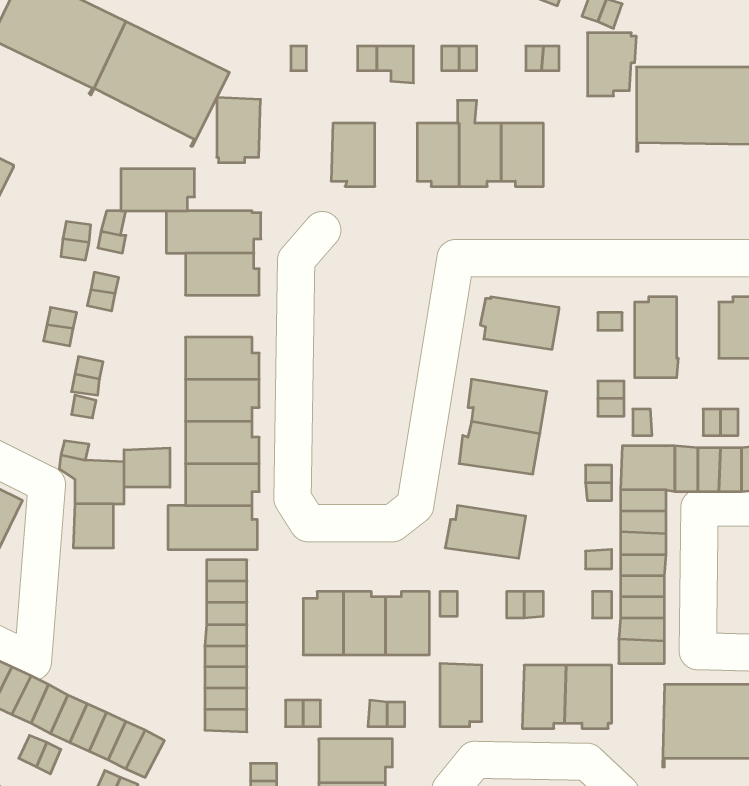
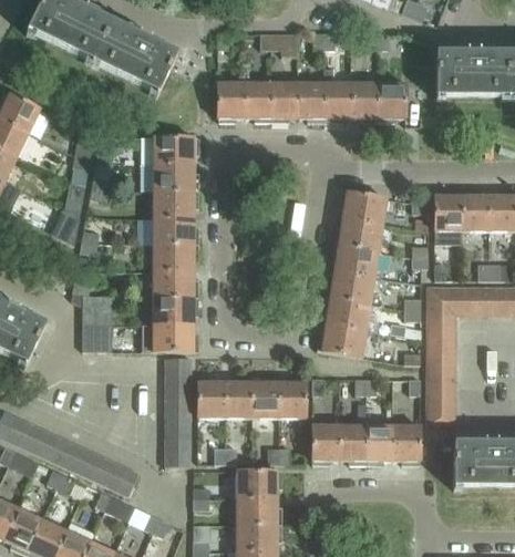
building: [587,33,636,96] -> [378,82,409,122]
building: [217,98,261,163] -> [217,81,245,122]
building: none -> [271,82,298,122]
building: [121,169,195,211] -> [152,190,198,217]
building: none -> [462,192,488,230]
building: none -> [332,218,383,251]
building: [124,448,170,487] -> none
building: none -> [321,297,371,330]
building: none -> [198,378,226,417]
building: none -> [339,424,365,464]

